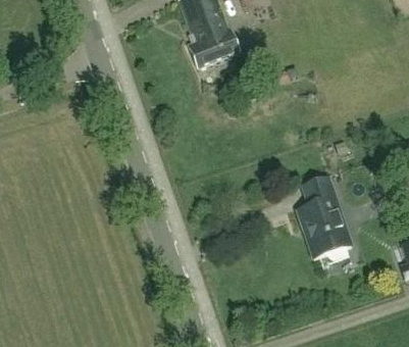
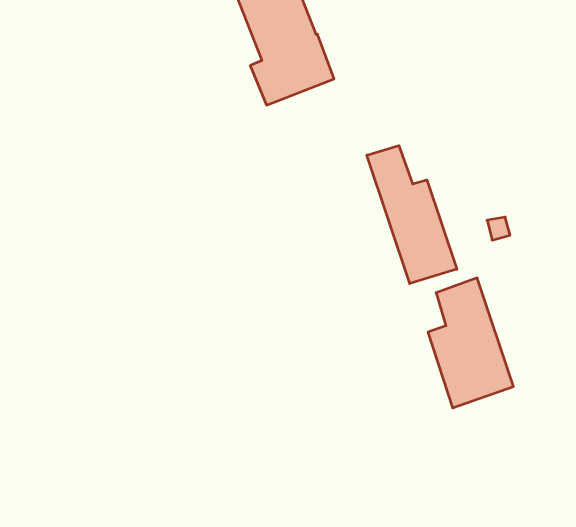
building: none -> [367,146,457,284]

